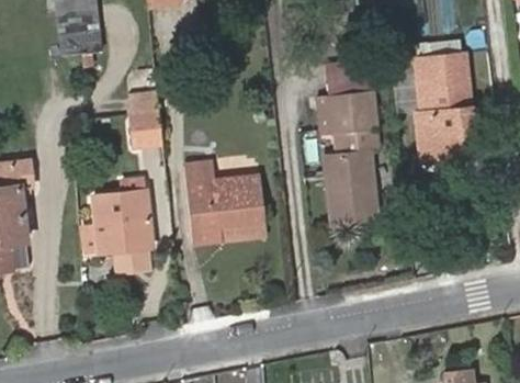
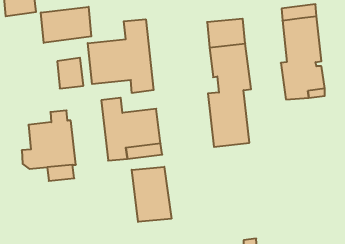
building: none -> [41,7,91,43]
building: none -> [88,19,154,93]
building: none -> [132,167,171,222]

